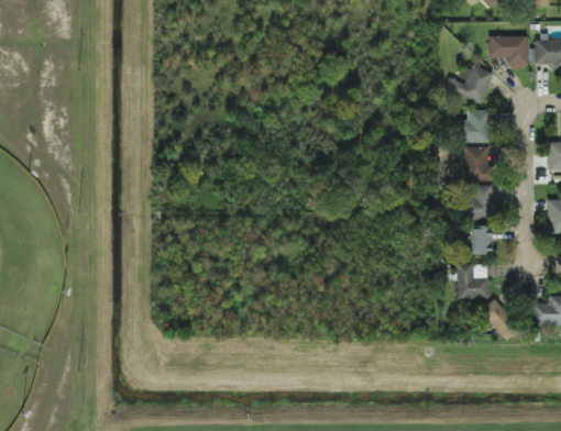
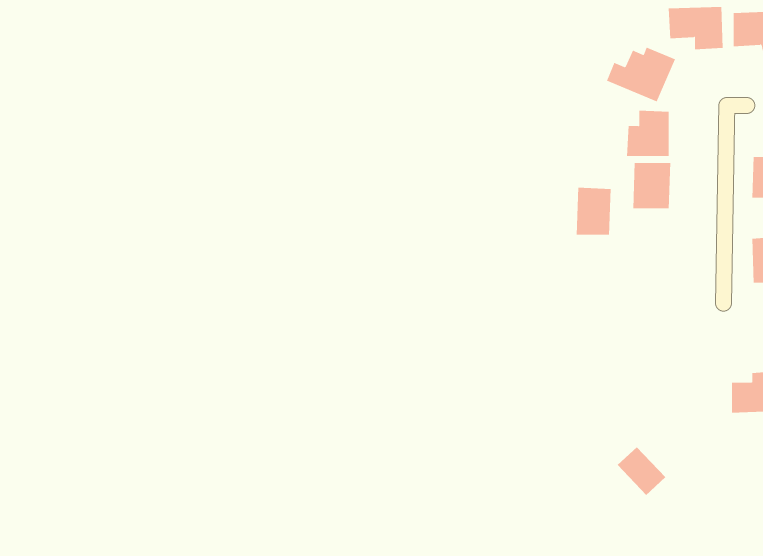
building: [469,185,494,219] -> [576,187,611,235]
building: [472,224,493,254] -> none
building: [458,263,488,299] -> none
building: [481,299,516,334] -> [617,446,666,496]

